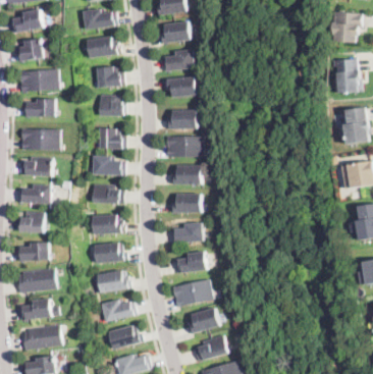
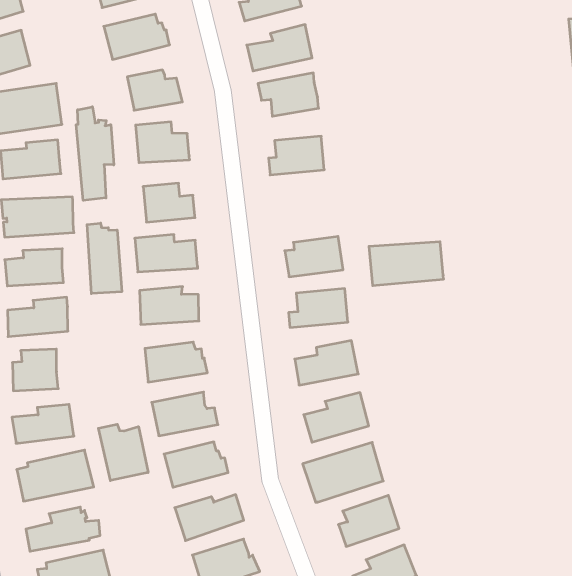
building: none -> [76,107,114,200]
building: [166,136,205,157] -> [369,242,444,286]
building: none -> [87,223,122,294]
building: none -> [98,424,148,481]

